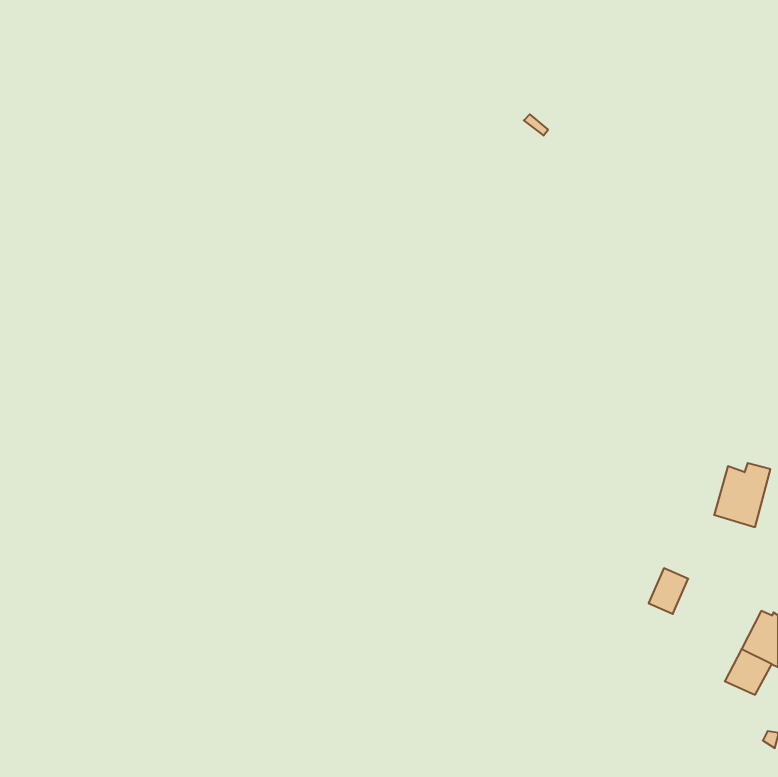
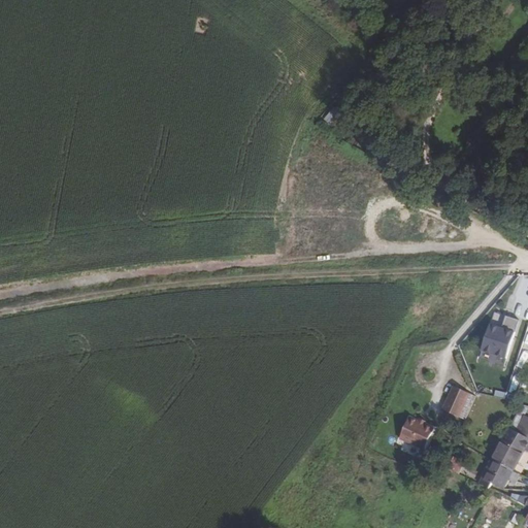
building: none -> [398,417,432,449]
building: none -> [480,461,512,488]

